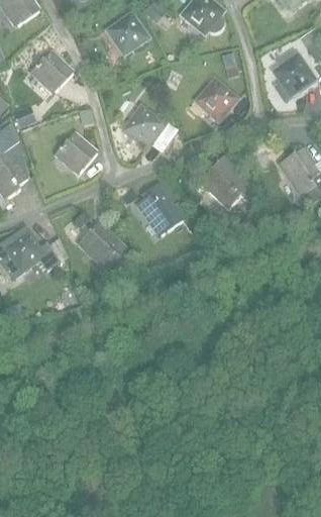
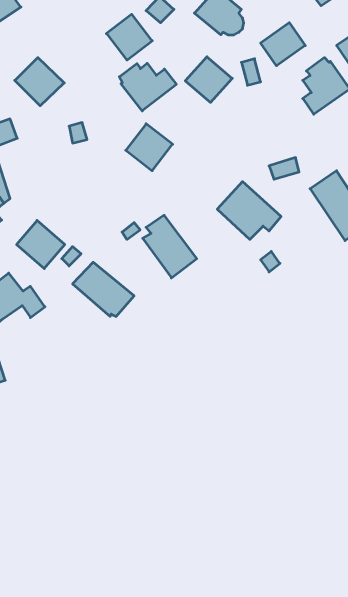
building: none -> [261,23,305,66]
building: none -> [119,63,176,111]
building: [197,80,236,118] -> [185,57,232,102]
building: [57,131,97,172] -> [17,220,65,269]

